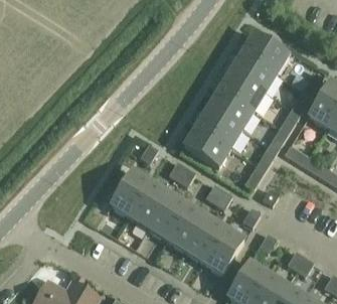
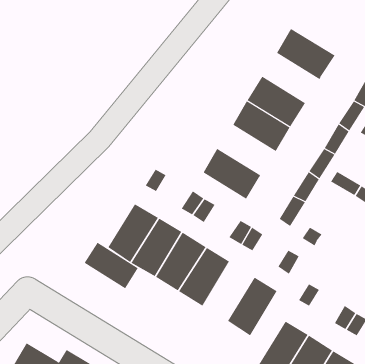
building: [231,53,277,93] -> none
building: [196,110,242,149] -> none
building: none -> [84,242,139,289]
building: [185,216,225,263] -> none

